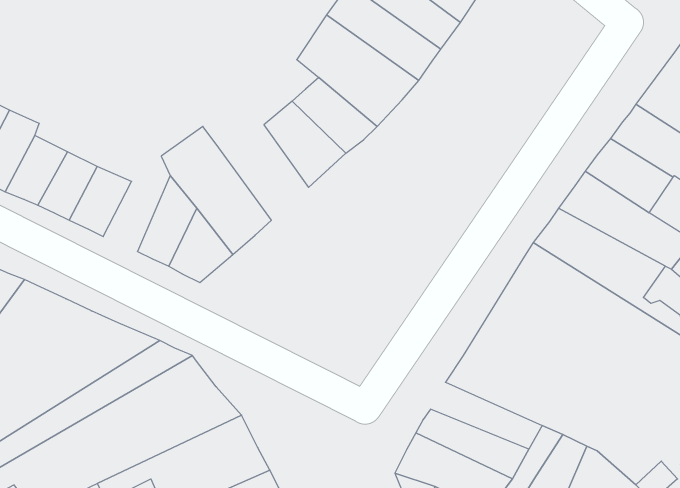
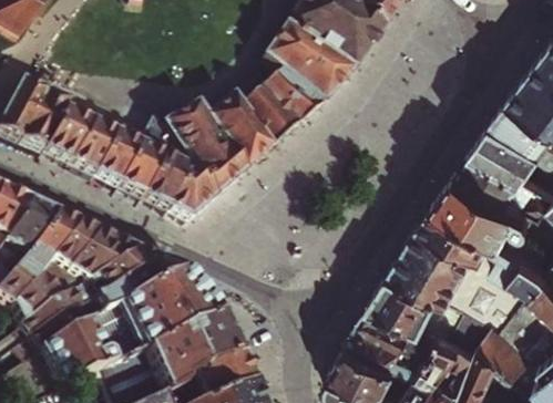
building: none -> [205,87,274,169]
building: none -> [121,110,171,193]
building: none -> [365,290,448,340]

